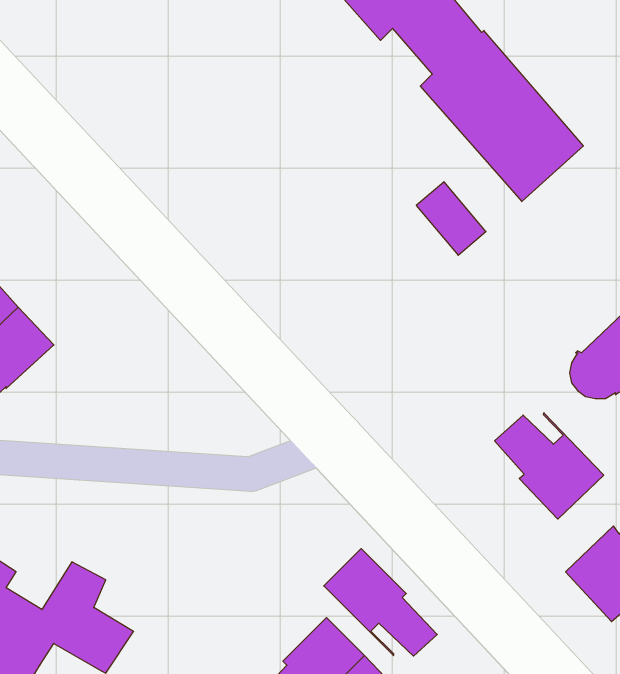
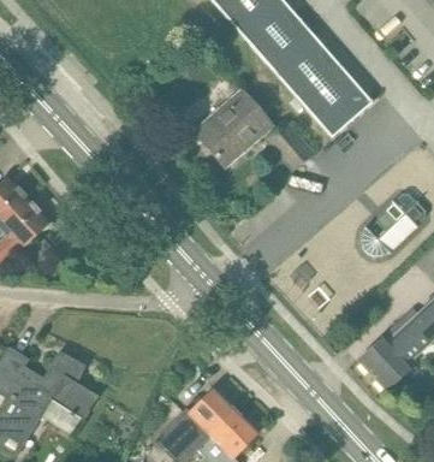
building: none -> [196,89,272,164]
building: [495,413,604,519] -> none
building: [324,549,437,656] -> none

